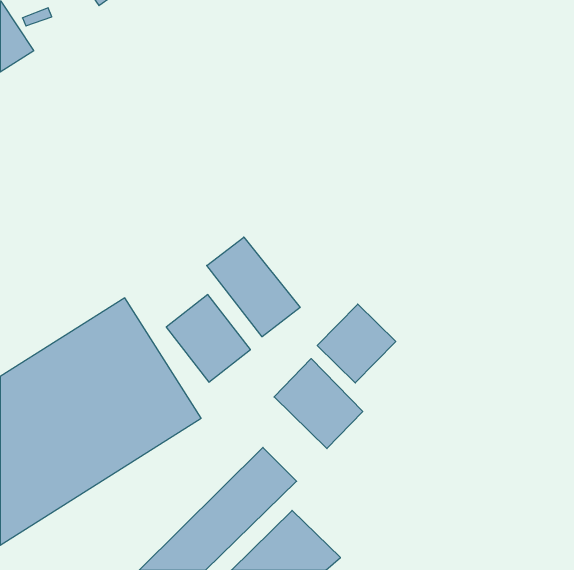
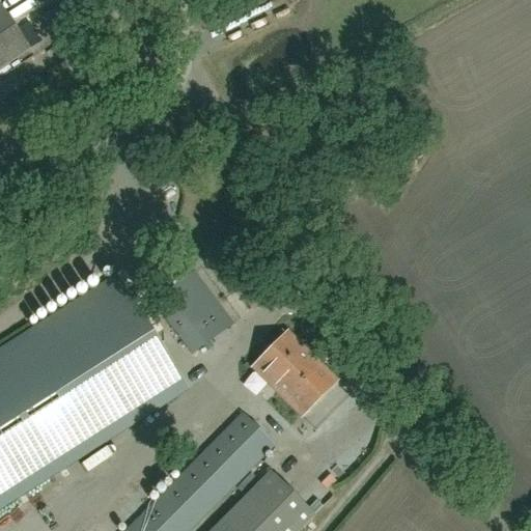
building: [207,237,300,337] -> none
building: [317,304,396,383] -> none

